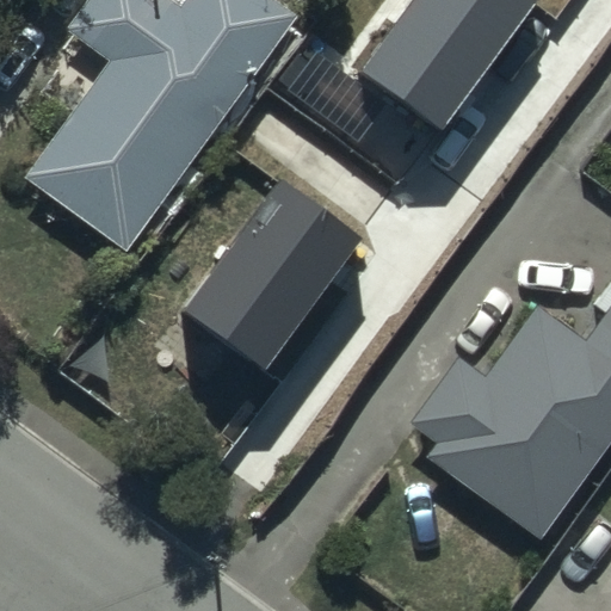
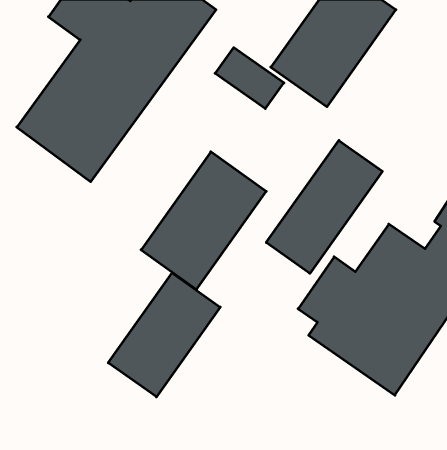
building: none -> [266,140,382,273]
building: none -> [108,273,220,397]

